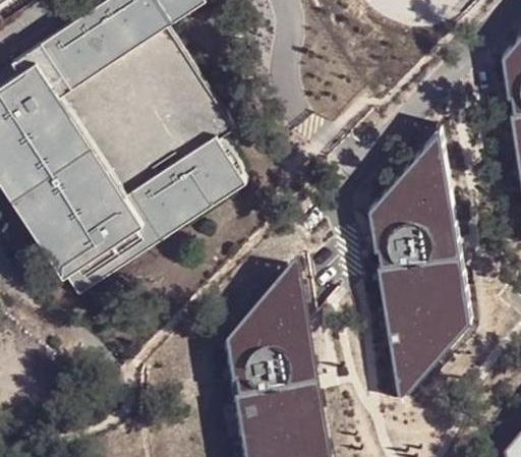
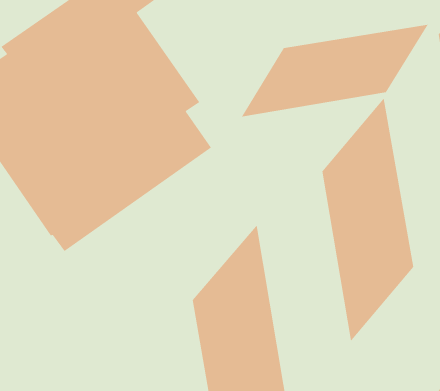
building: none -> [241,24,429,118]

